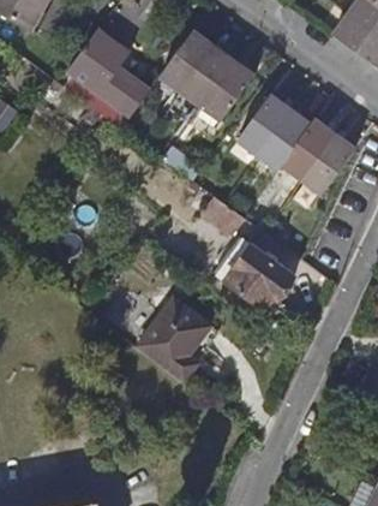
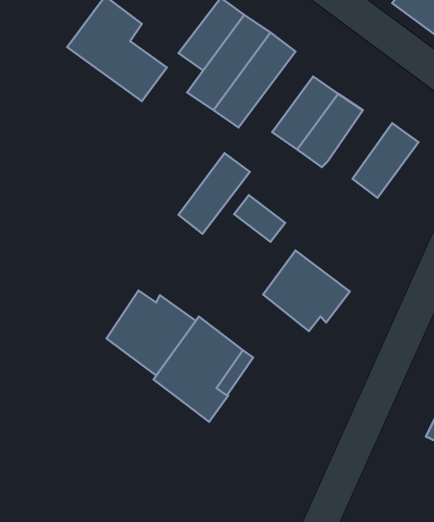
building: [281,118,334,179] -> none
building: none -> [178,153,250,234]
building: none -> [106,291,196,375]

